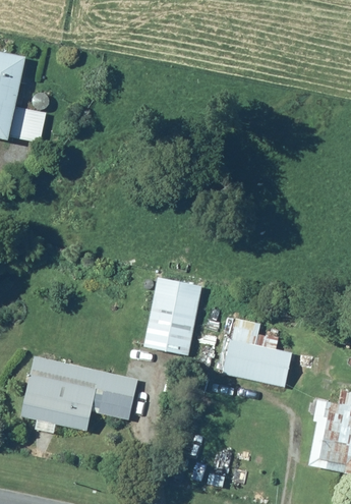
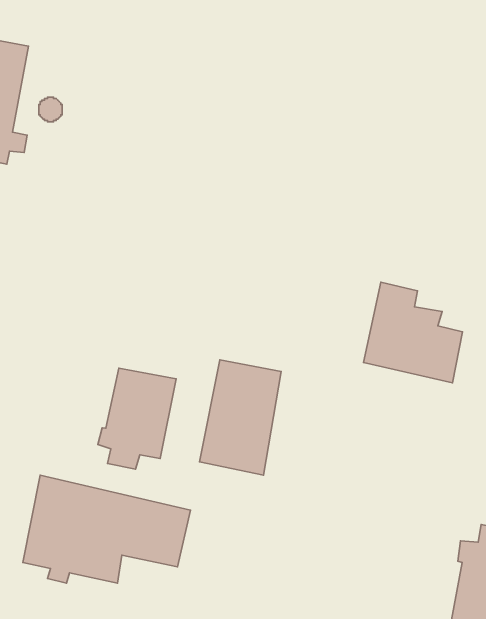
building: none -> [98,368,176,469]
building: [222,318,291,388] -> [363,282,463,383]

